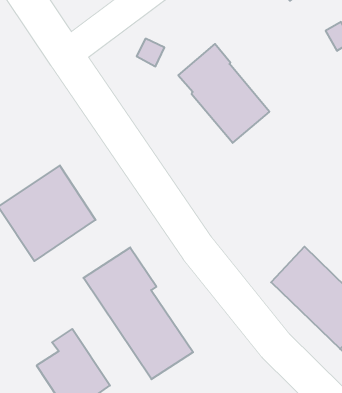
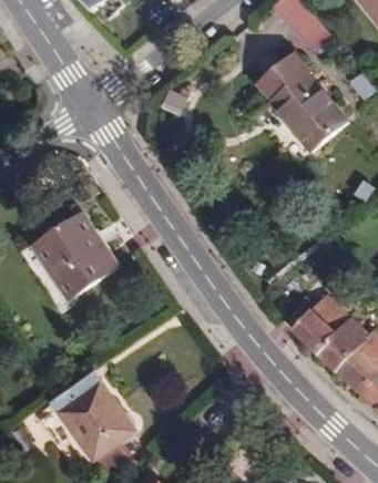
building: [178,44,269,143] -> [258,52,349,151]
building: [83,247,193,379] -> none

